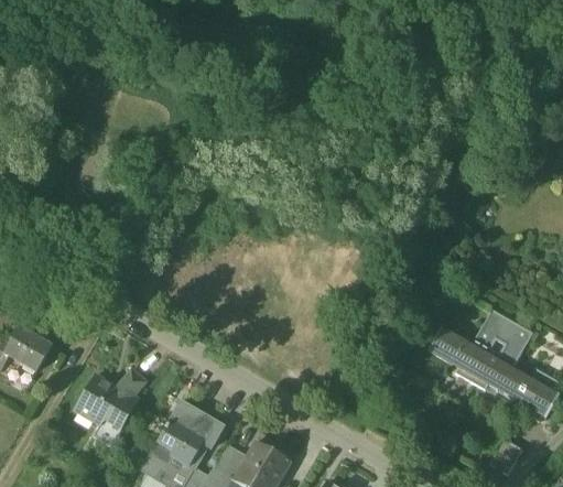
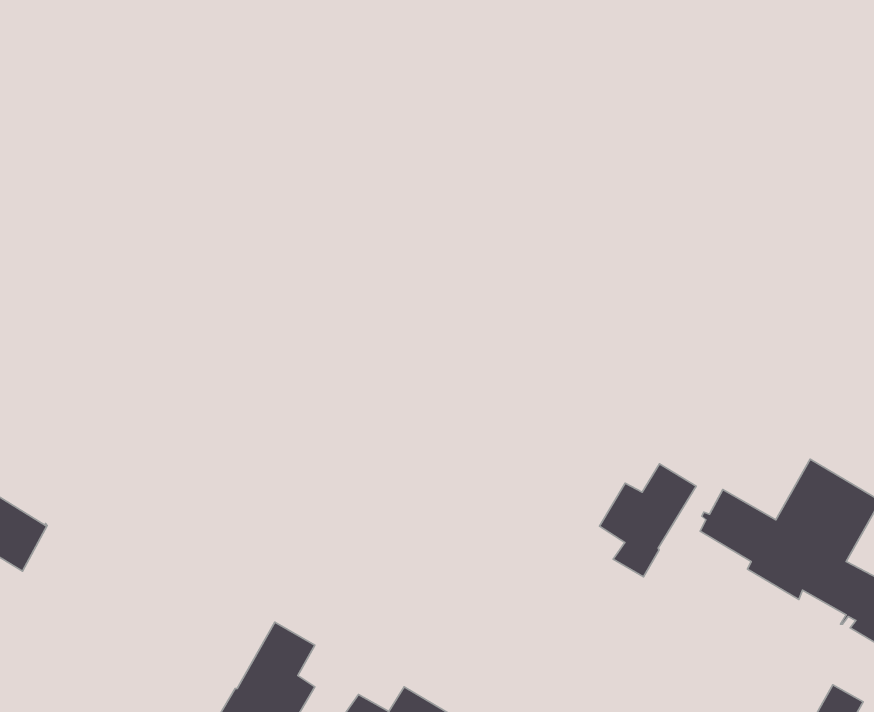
building: none -> [599,464,696,577]
building: [74,370,145,442] -> none

